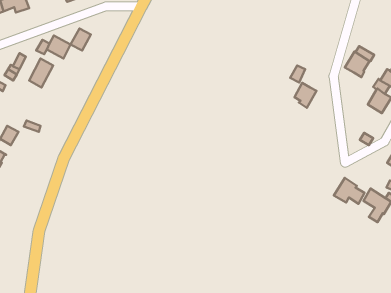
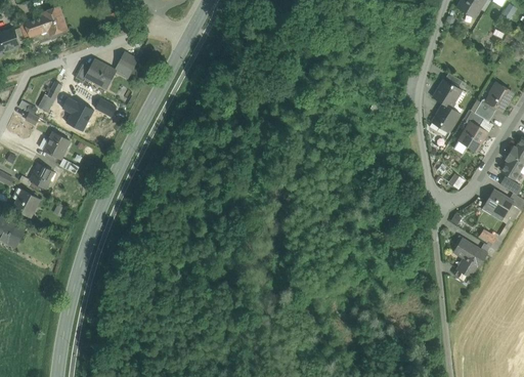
building: [294,83,316,108] -> [433,103,458,132]
building: none -> [39,132,70,159]
building: [334,178,365,204] -> none

